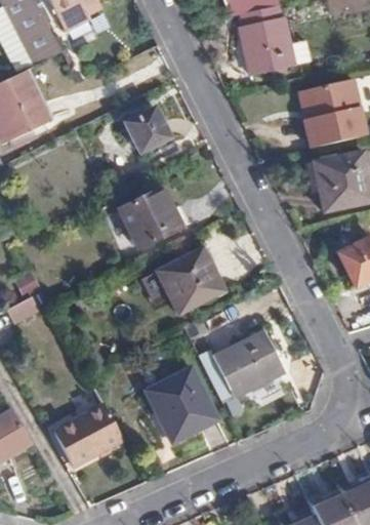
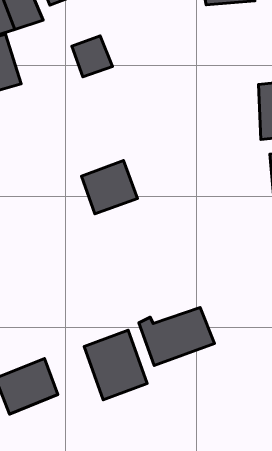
building: [230,21,282,79] -> none
building: [125,107,170,152] -> [72,36,112,77]
building: [158,246,224,312] -> none

